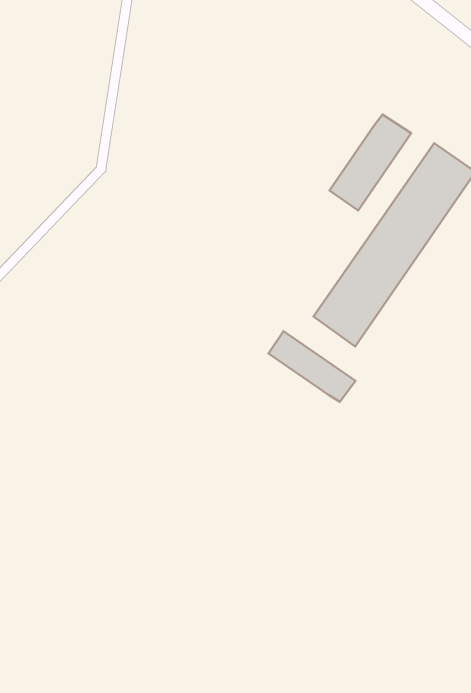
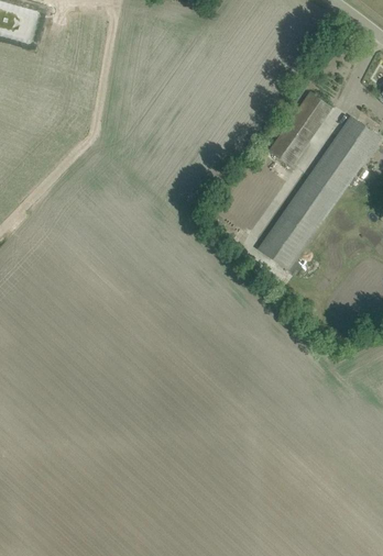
building: [268,331,355,402] -> none

